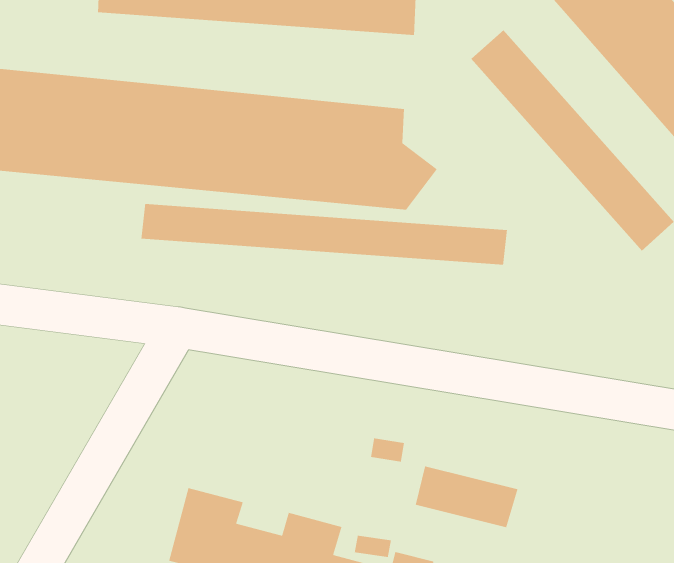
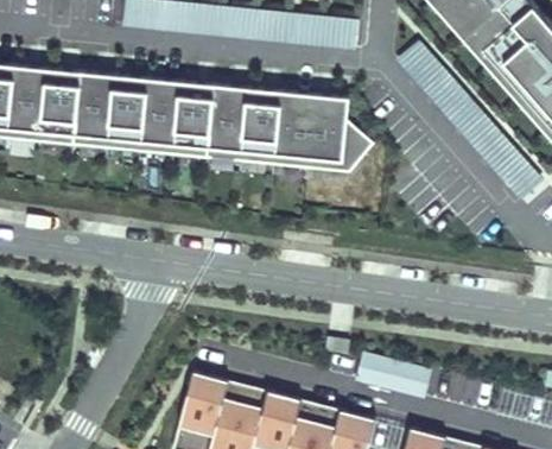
building: [141,203,508,265] -> none

